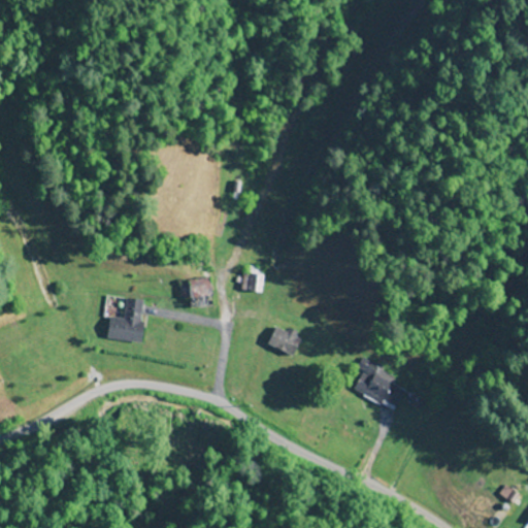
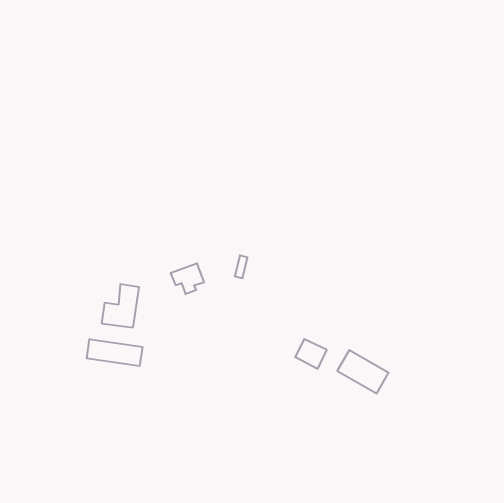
building: [268,325,301,356] -> [295,339,327,369]
building: none -> [87,339,142,366]

